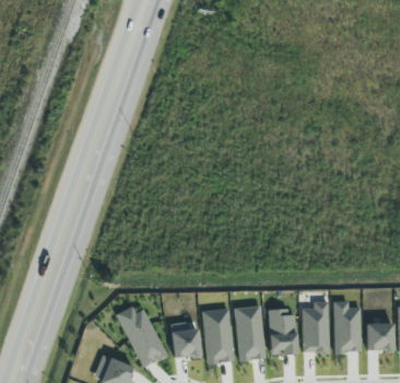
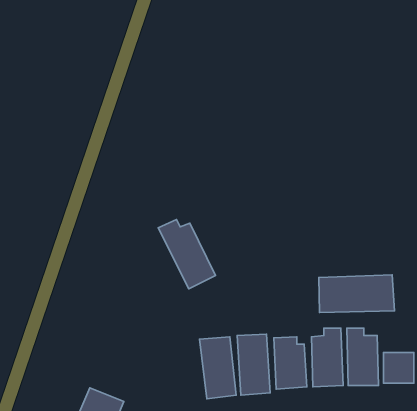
building: none -> [319,275,394,312]
building: [116,305,167,368] -> [158,219,215,289]
building: [172,323,200,358] -> none

